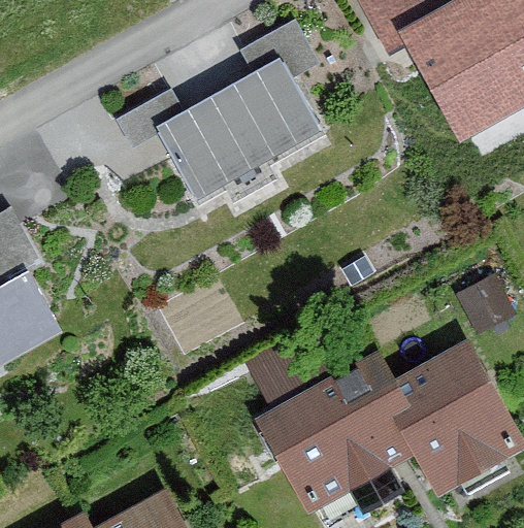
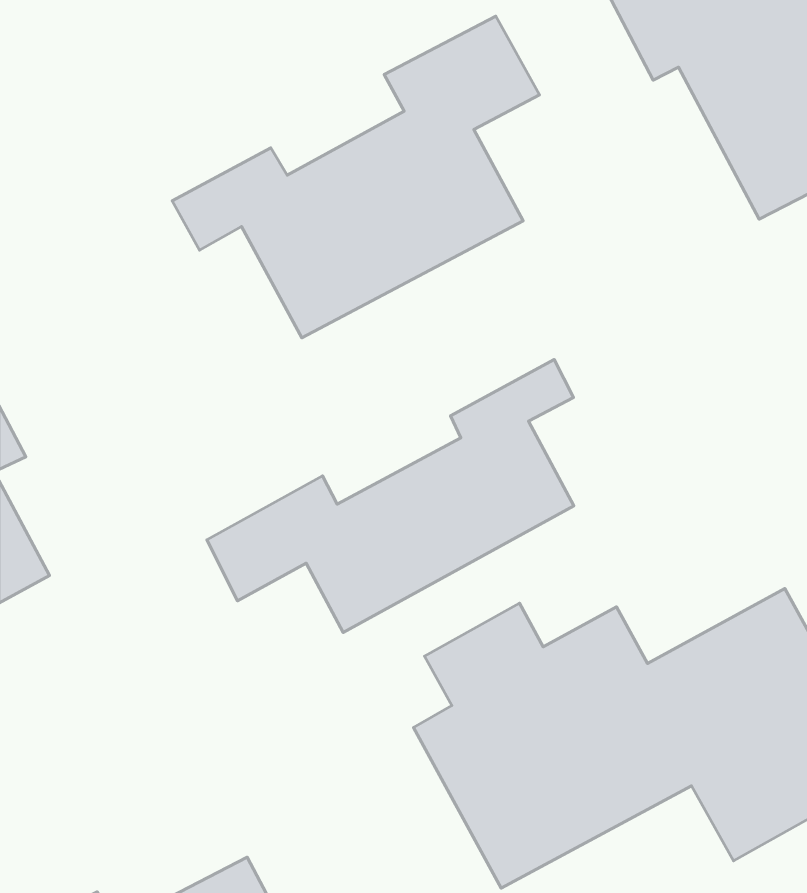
building: none -> [207,360,574,633]

